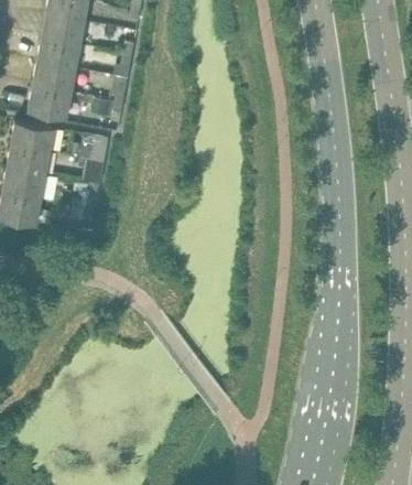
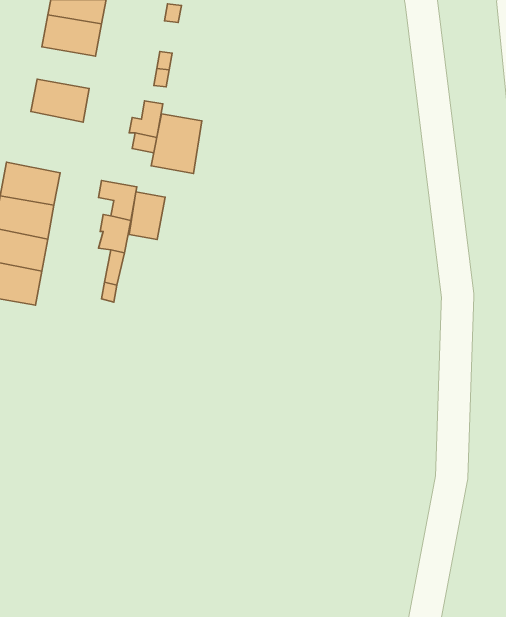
building: [37,37,79,67] -> none
building: [28,84,71,117] -> none
building: none -> [151,114,202,173]
building: none -> [129,192,165,239]

